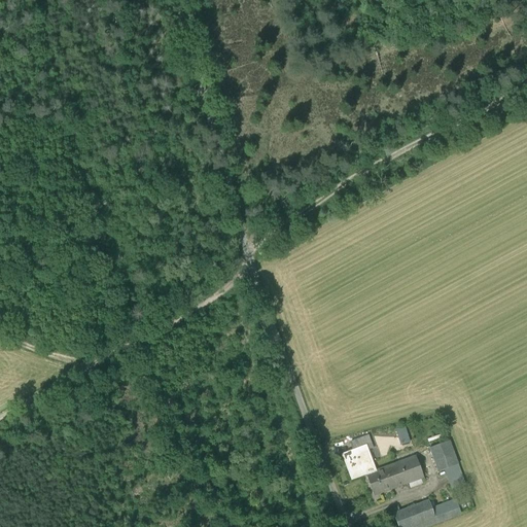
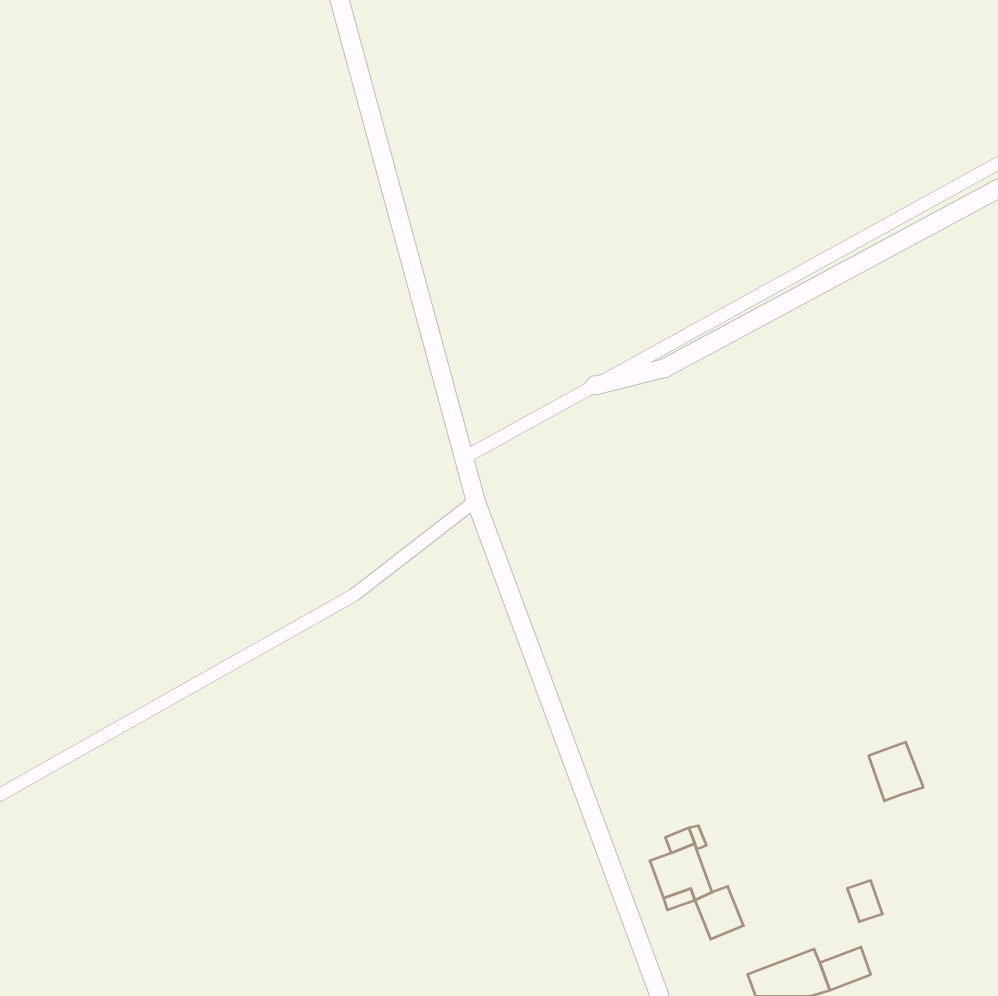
building: [430,440,459,470] -> [869,742,923,801]
building: [384,455,423,487] -> none

